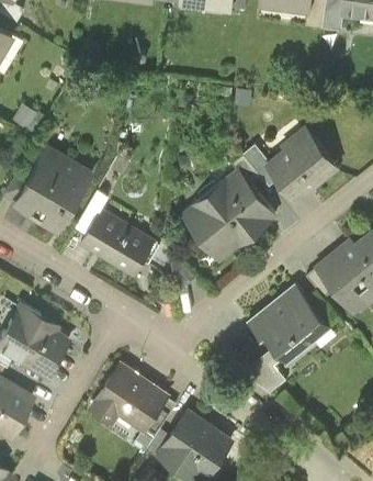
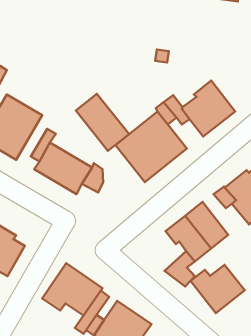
building: none -> [76,94,129,151]
building: none -> [190,265,245,313]

